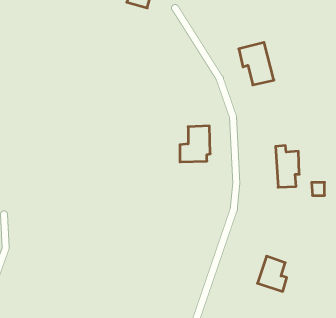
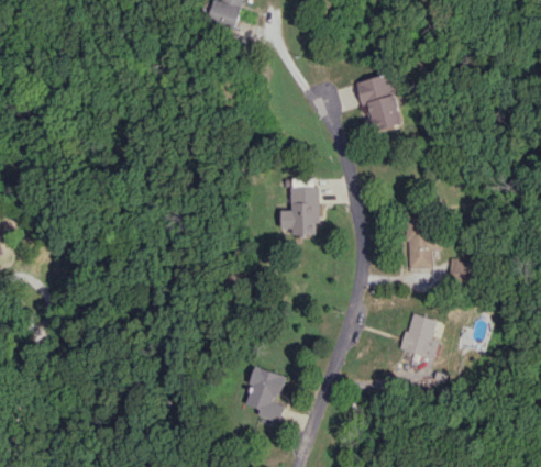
building: [257,256,287,291] -> [400,313,440,360]
building: none -> [242,368,284,424]

